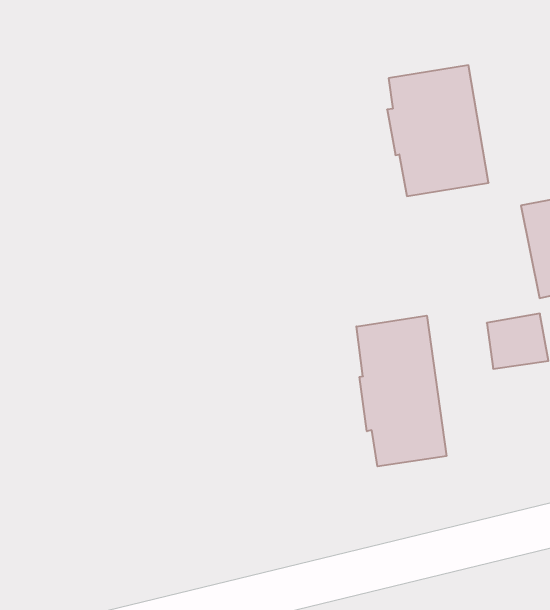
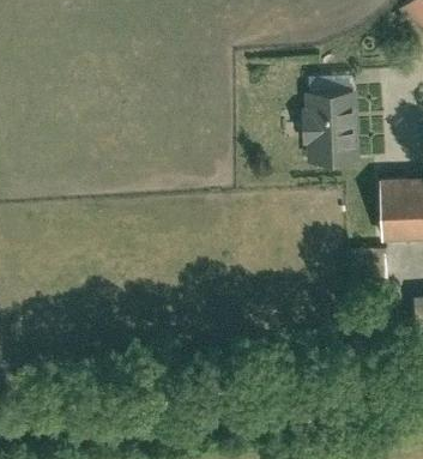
building: [356,316,446,466] -> none

